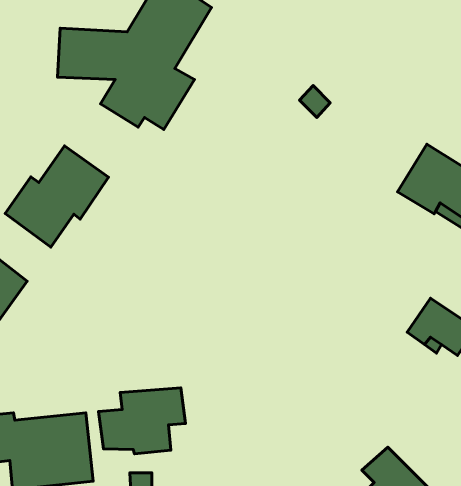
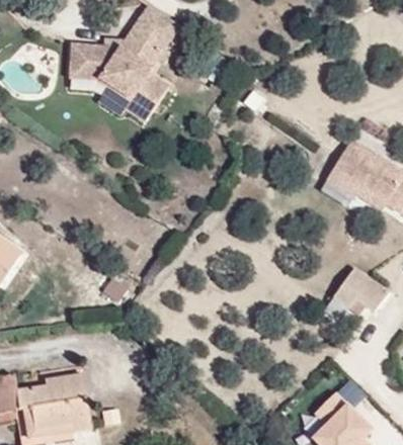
building: [5,146,109,247] -> none
building: [99,388,186,454] -> none

